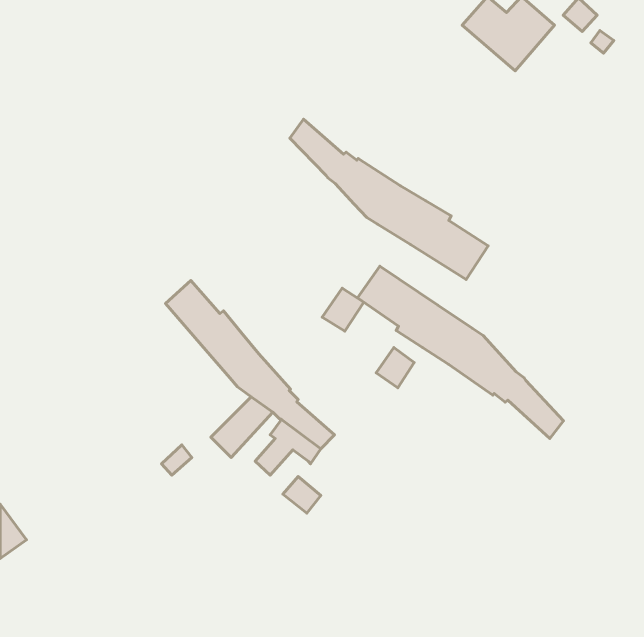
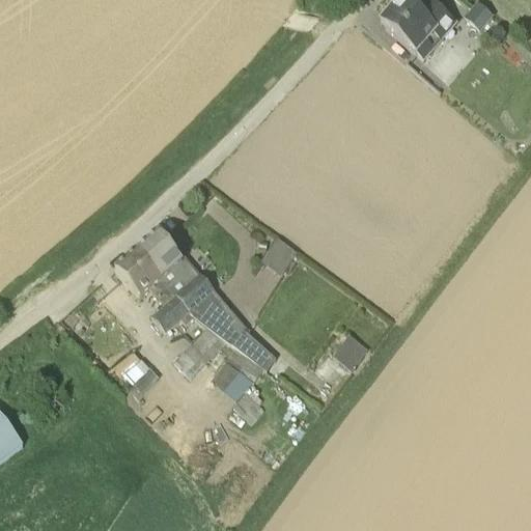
building: [290,119,488,279] -> none
building: [358,266,564,438] -> none
building: none -> [115,249,196,329]
building: [376,347,414,388] -> [335,334,366,367]

